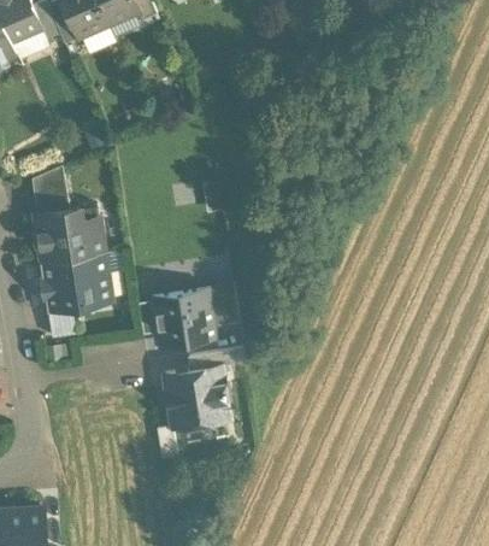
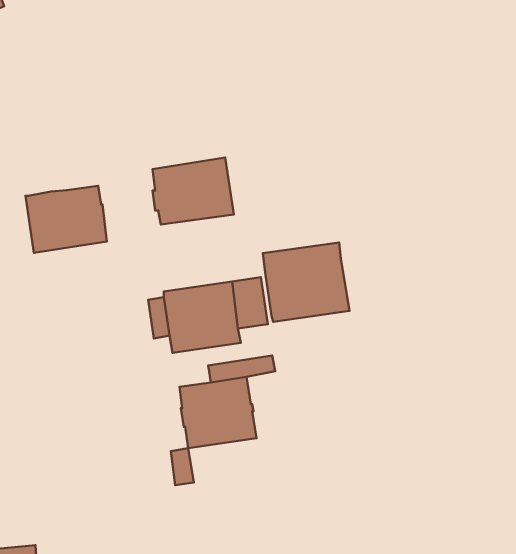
building: [33,168,70,216] -> none
building: [42,254,111,311] -> [152,158,234,225]
building: none -> [263,242,350,322]

